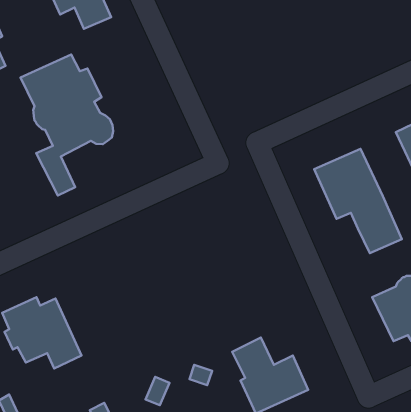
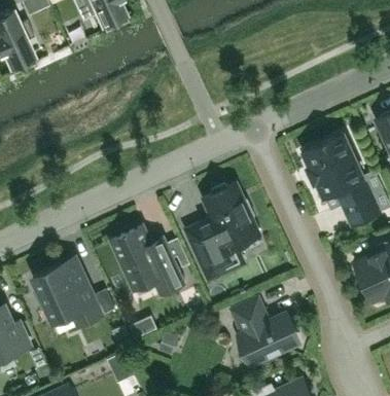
building: [21,54,113,196] -> none
building: none -> [185,184,259,281]
building: none -> [111,226,184,294]

